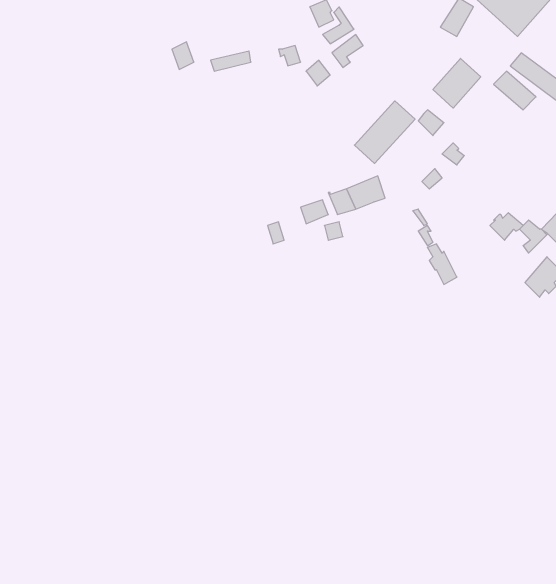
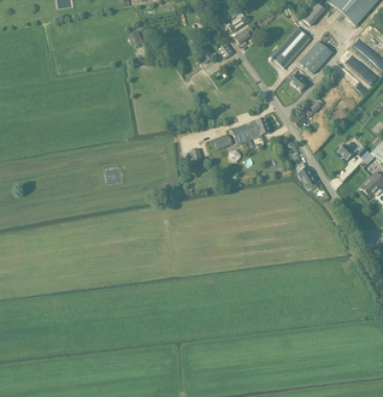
building: [354,101,415,163] -> [271,26,311,67]

